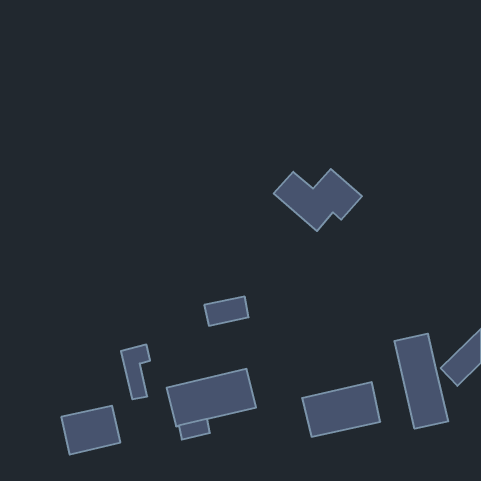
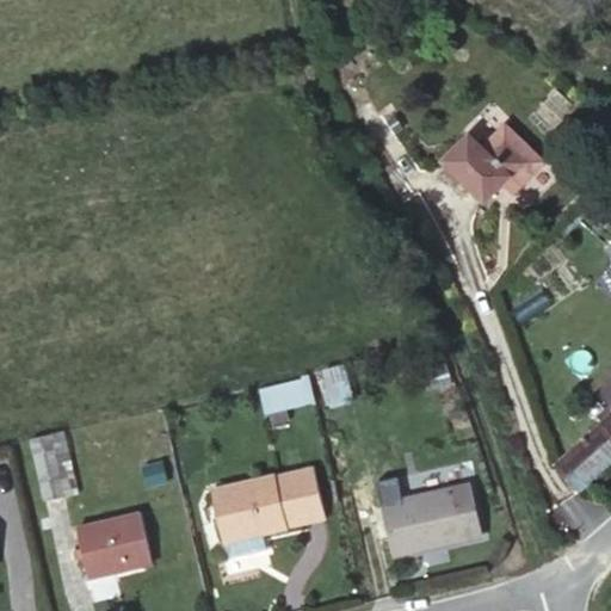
building: [274,169,362,231] -> [432,128,544,206]
building: [394,334,448,429] -> none
building: [121,345,150,399] -> [31,431,68,500]

